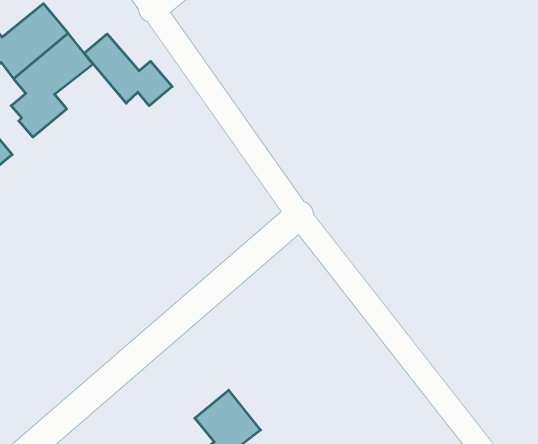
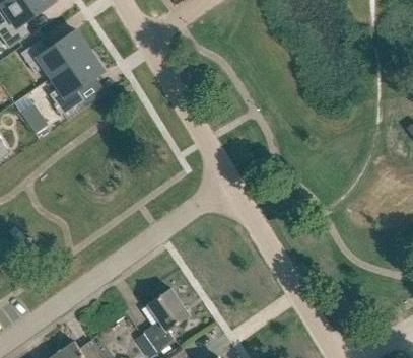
building: [84,34,172,106] -> none

